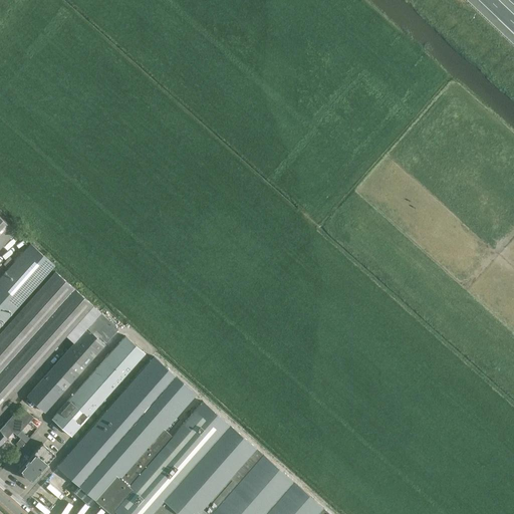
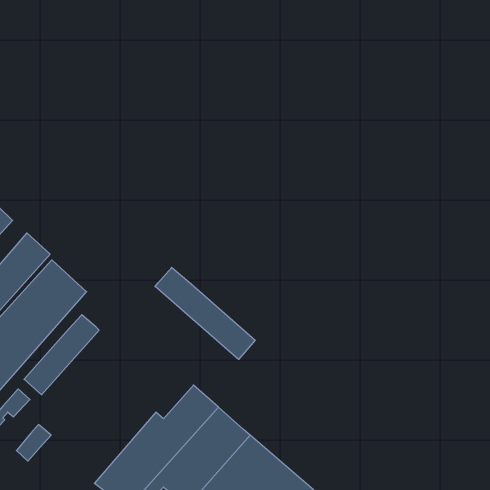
building: none -> [155,267,255,359]
building: [85,315,115,344] -> none
building: [50,337,143,438] -> none
building: [55,359,195,506] -> none

